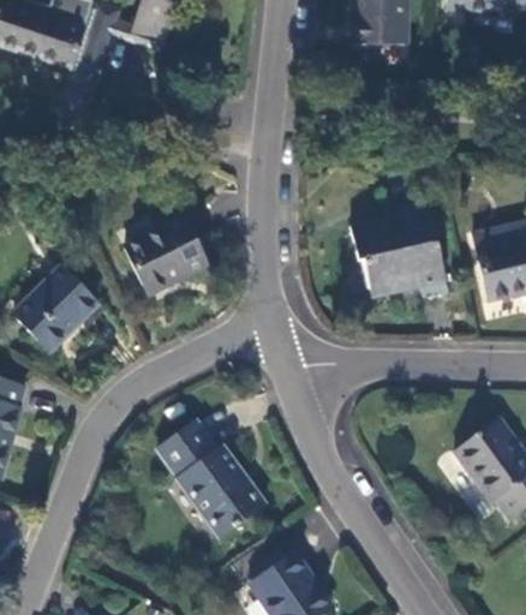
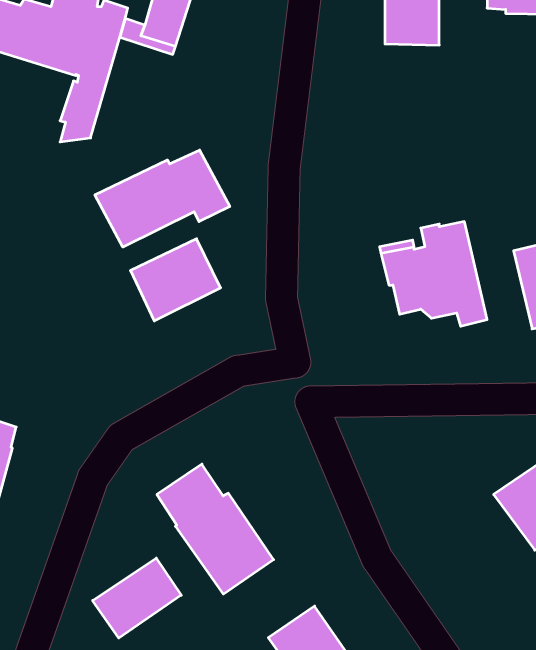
building: none -> [95,150,230,247]
building: [16,269,97,351] -> none
building: none -> [93,558,181,638]

